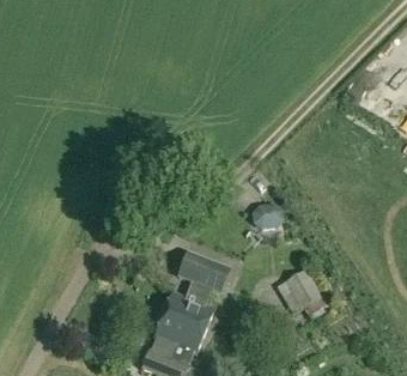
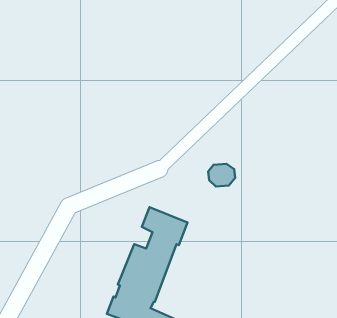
building: [275,266,326,314] -> none

